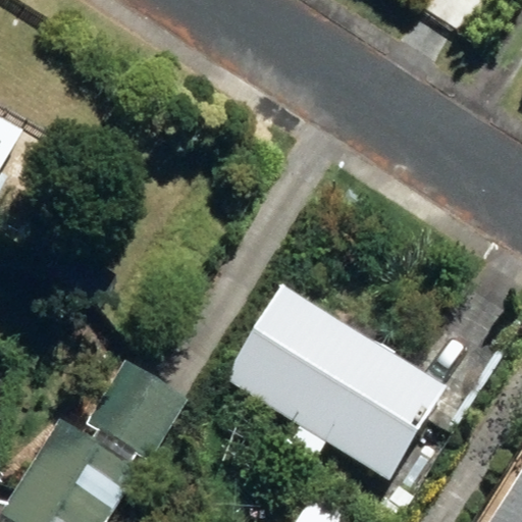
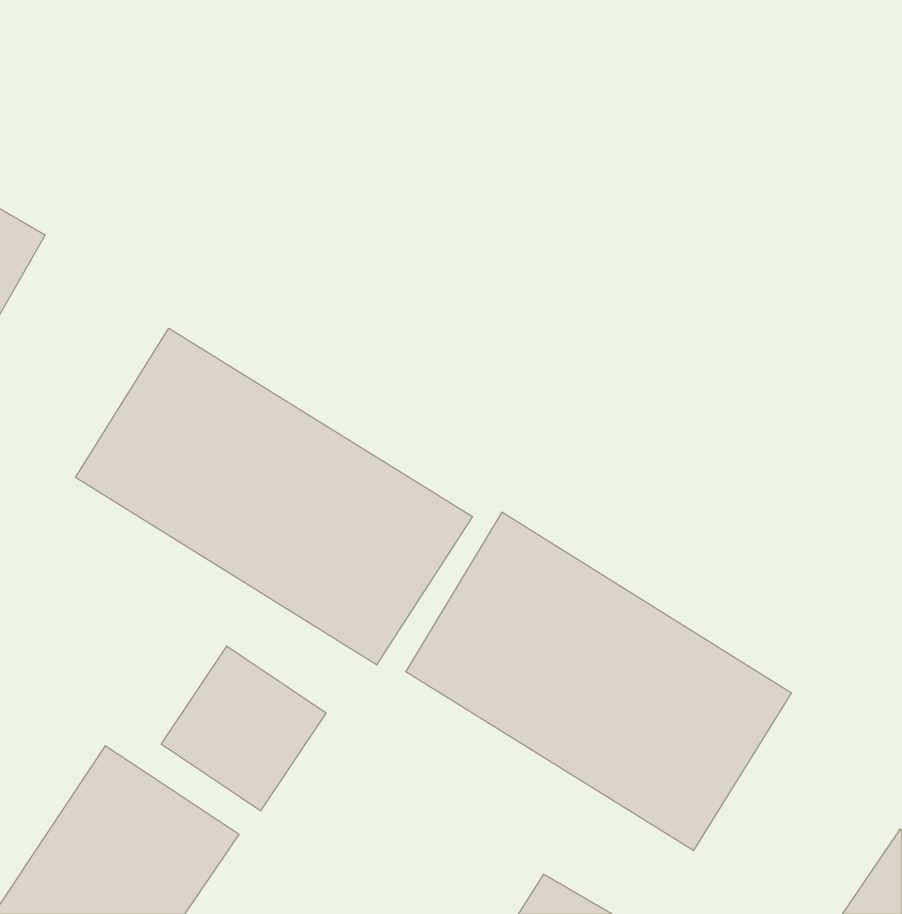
building: none -> [76,328,473,665]

